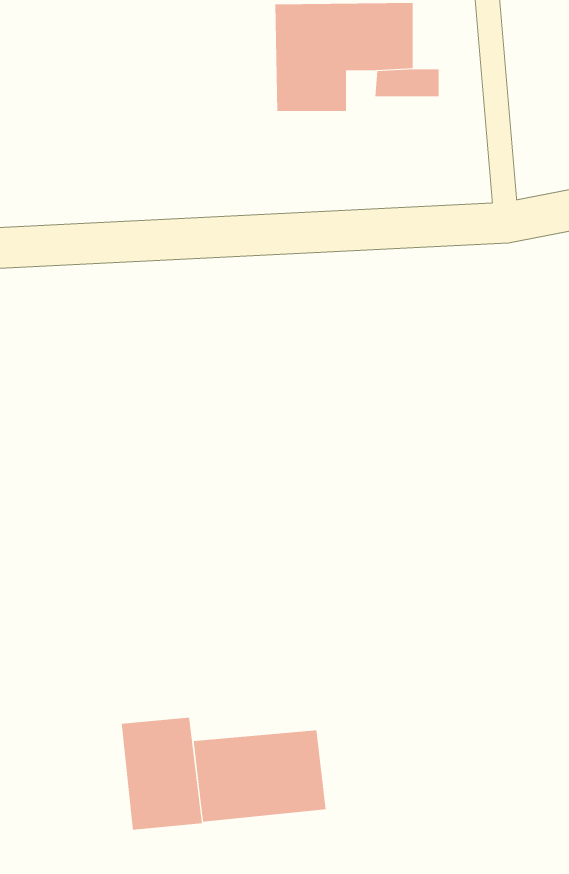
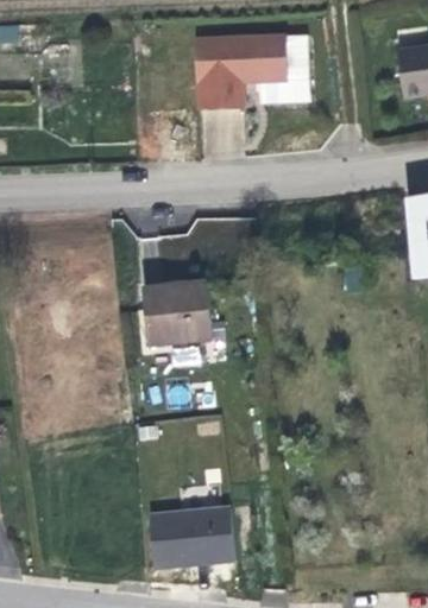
building: none -> [143,289,213,349]
building: [121,717,202,830] -> none

